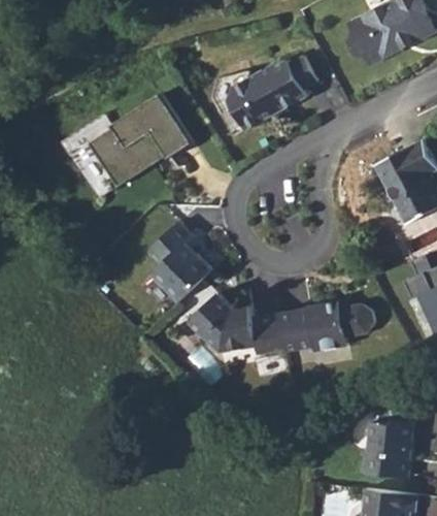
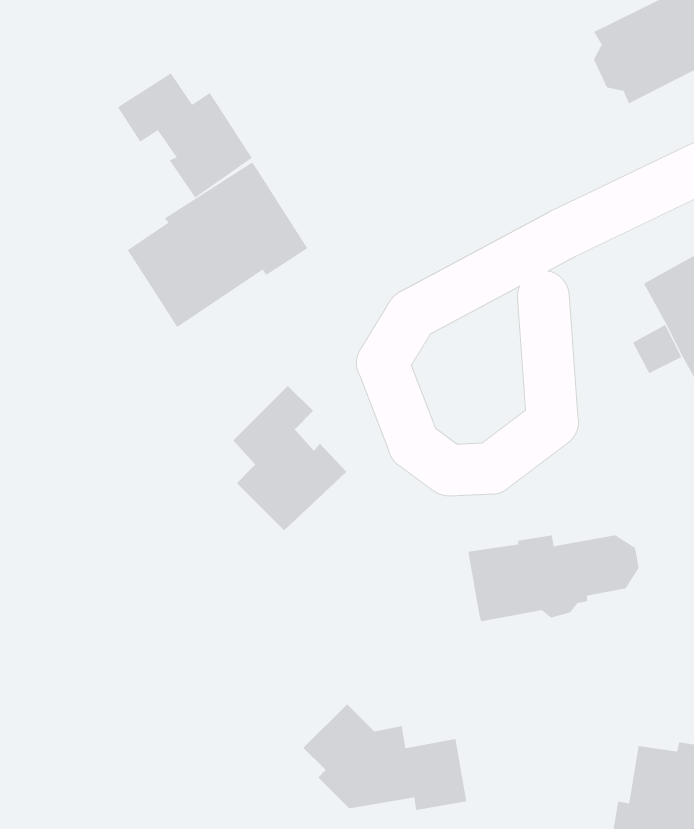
building: none -> [117,73,252,199]
building: [230,55,318,129] -> none
building: [193,293,284,353] -> [303,703,467,811]

